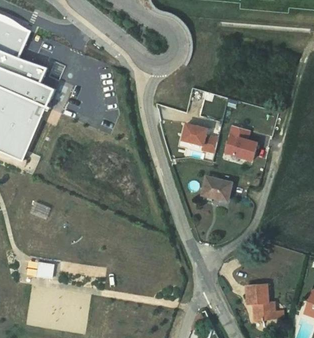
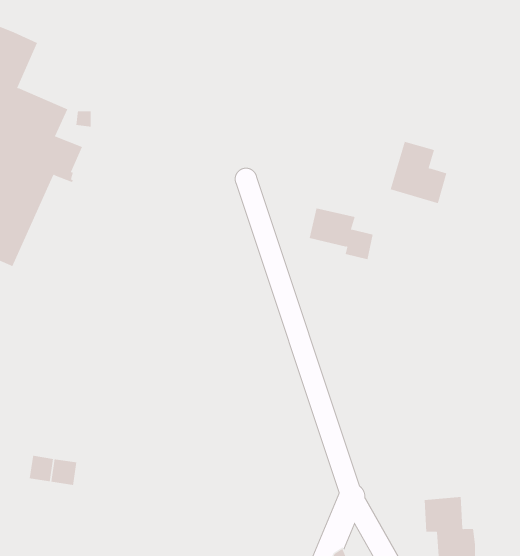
building: [225,125,257,160] -> [390,141,447,204]
building: [202,177,232,200] -> none

